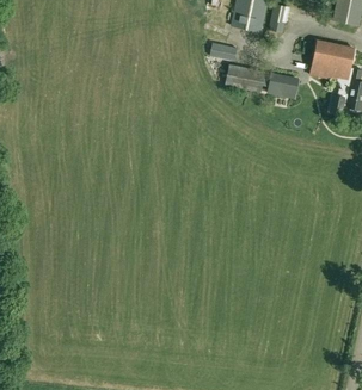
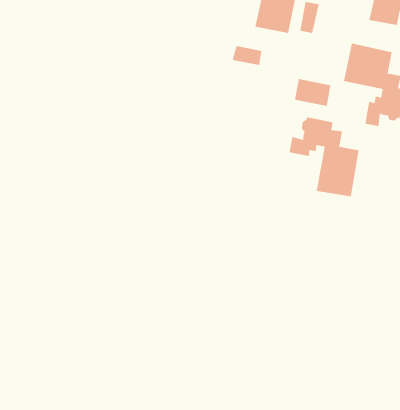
building: [225,64,265,92] -> none
building: none -> [289,116,359,197]

